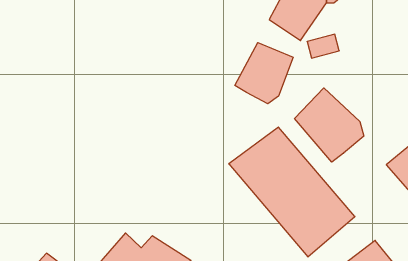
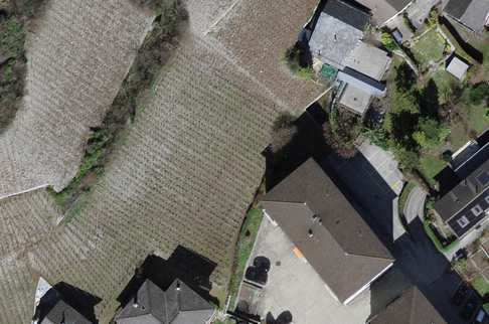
building: [235,43,293,104] -> none
building: [295,88,364,162] -> none

